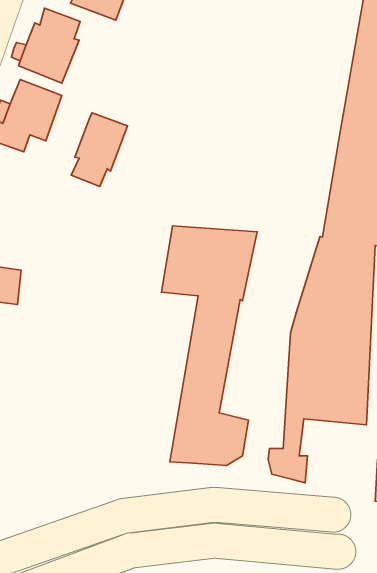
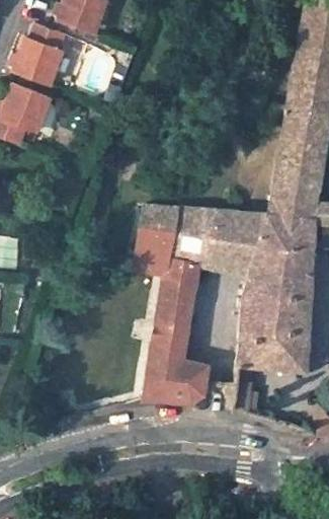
building: [71,113,128,187] -> none
building: none -> [201,211,265,277]

